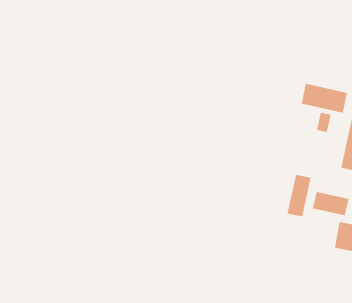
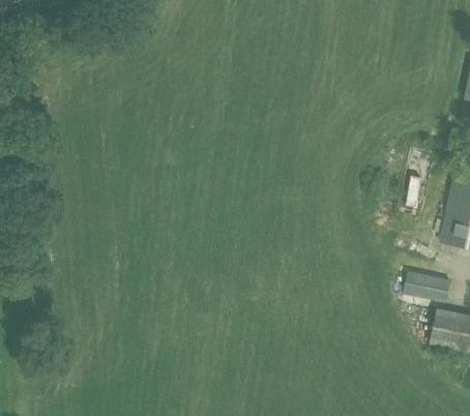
building: [301,83,347,114] -> none
building: [287,174,311,217] -> none

